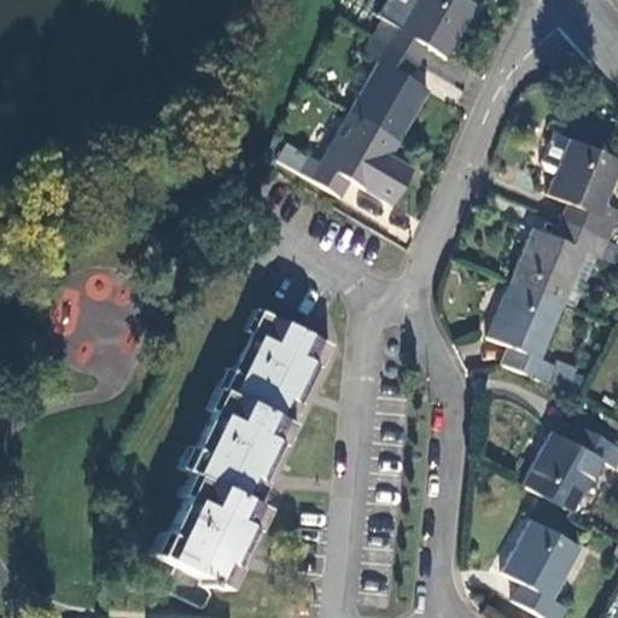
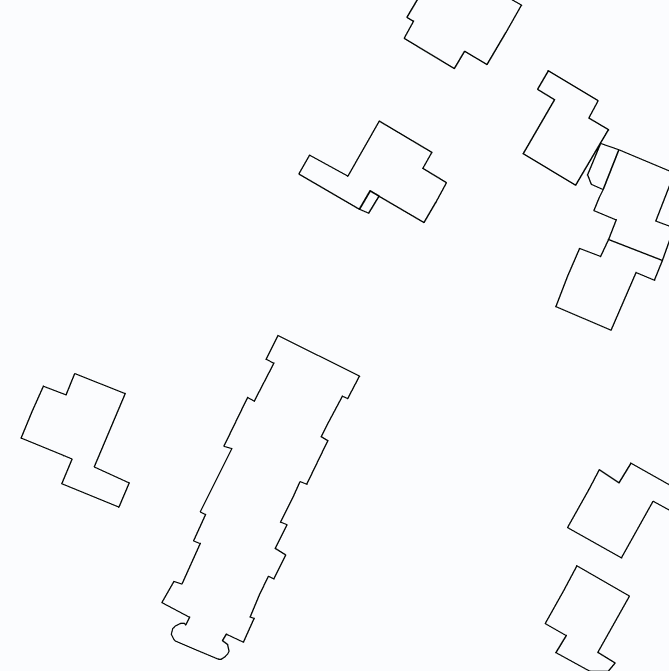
building: [351,35,430,140] -> [523,71,609,185]
building: [490,281,564,384] -> none
building: none -> [21,374,129,507]

